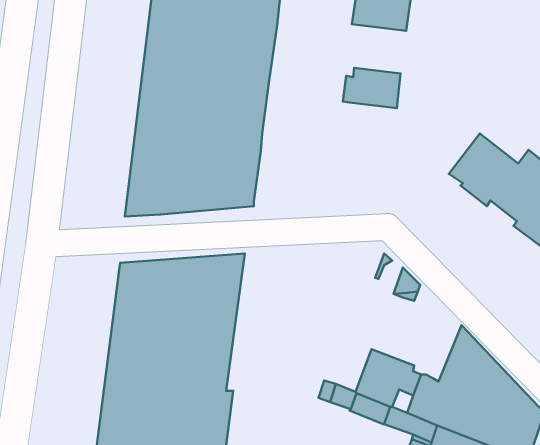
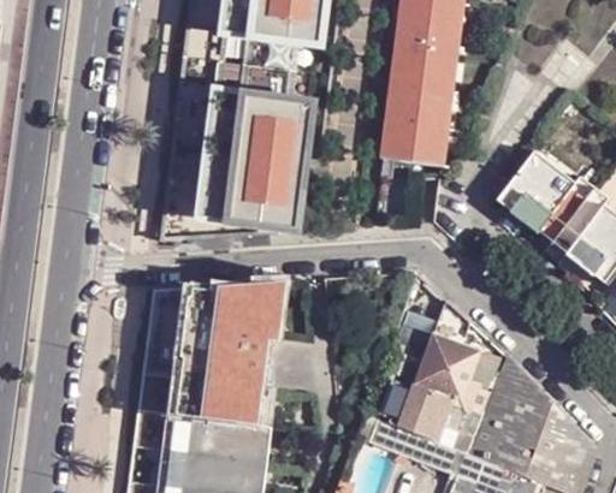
building: none -> [392,42,452,94]
building: none -> [381,124,443,168]
building: none -> [416,332,499,408]

